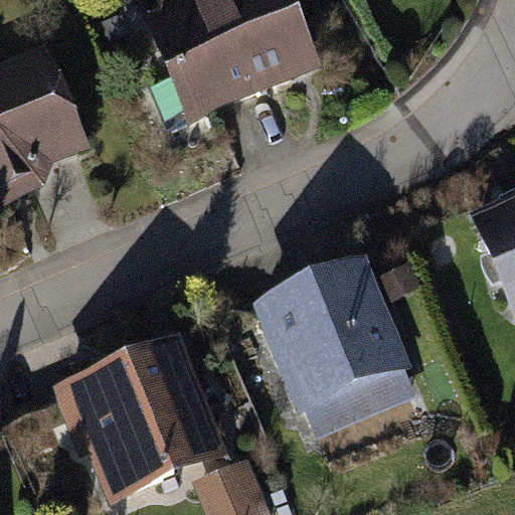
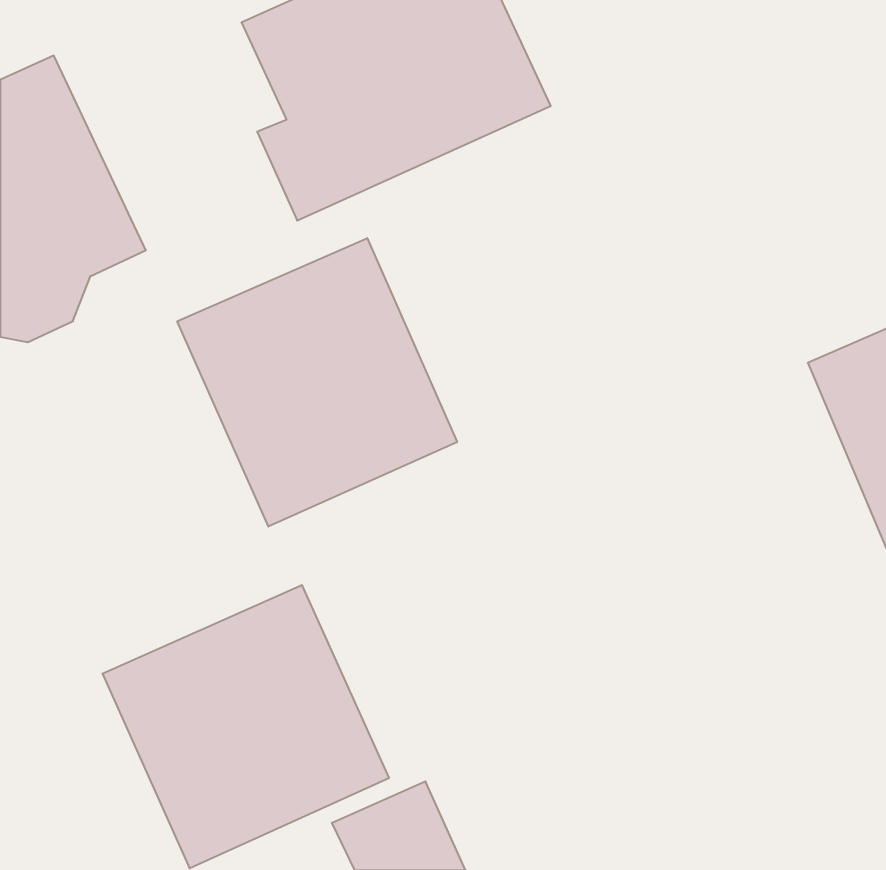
building: none -> [177,238,457,527]
building: [250,256,420,434] -> none

